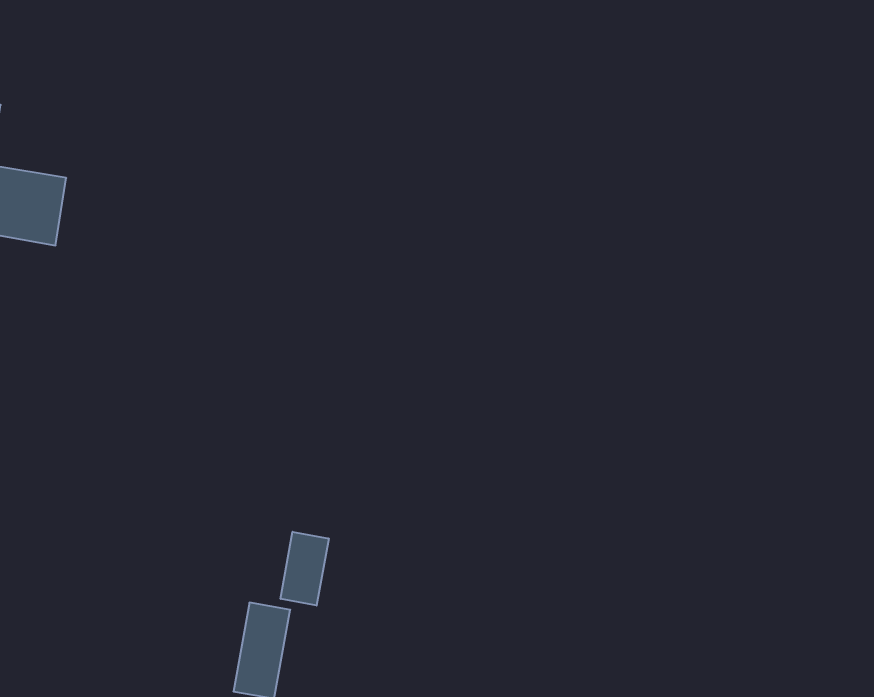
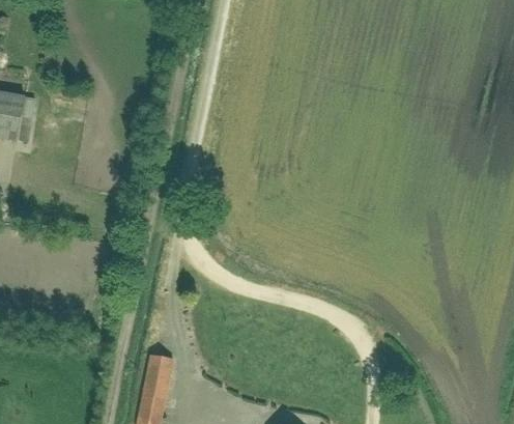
building: [281,532,329,606] -> none

